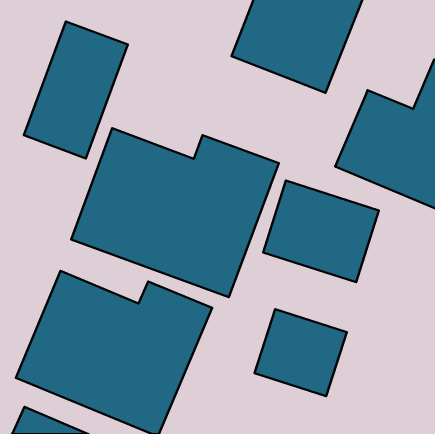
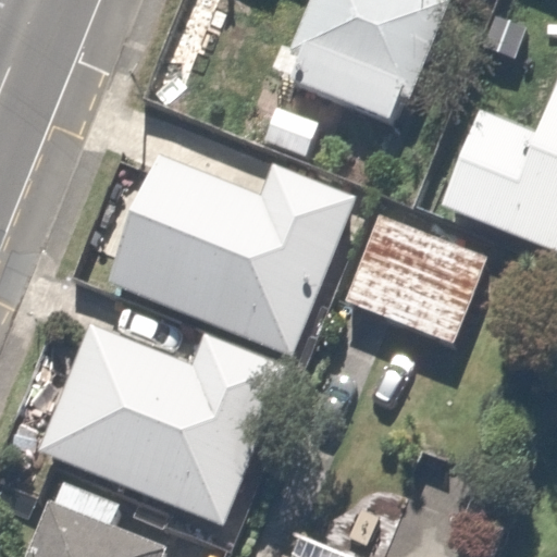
building: [24,21,128,158] -> none
building: [255,309,347,396] -> none

